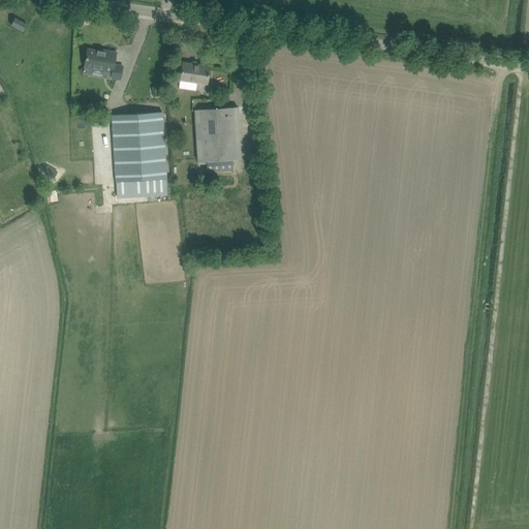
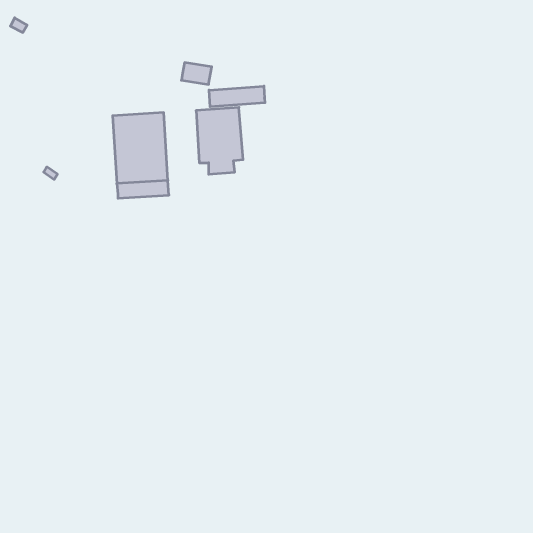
building: [84,49,123,81] -> none
building: none -> [209,86,265,107]

